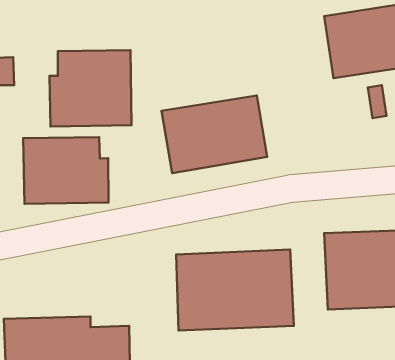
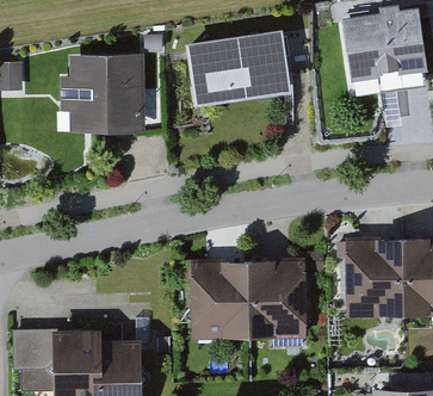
building: [162,96,267,173] -> [187,26,295,105]
building: [23,137,109,204] -> none

